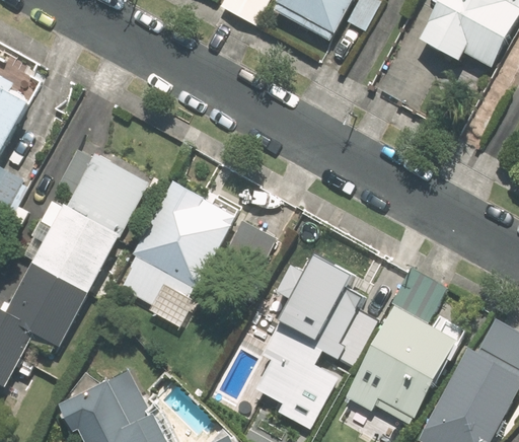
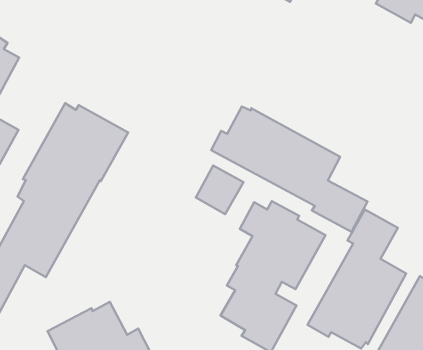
building: none -> [211,107,367,232]
building: [119,186,236,296] -> none

